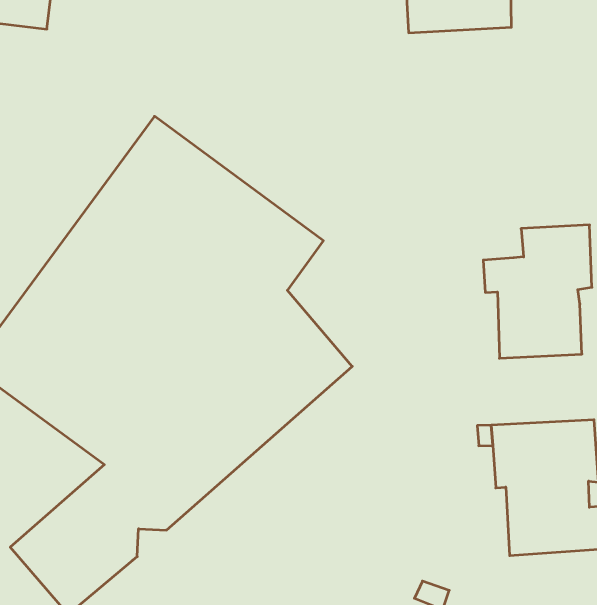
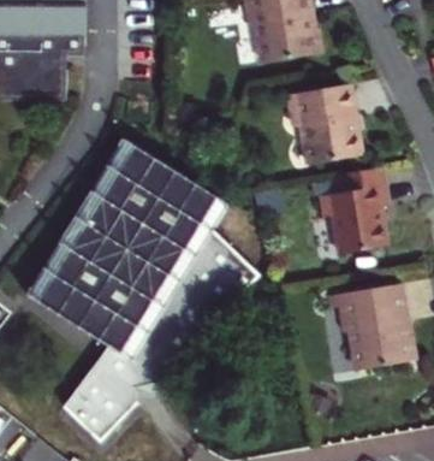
building: none -> [287,84,363,164]

